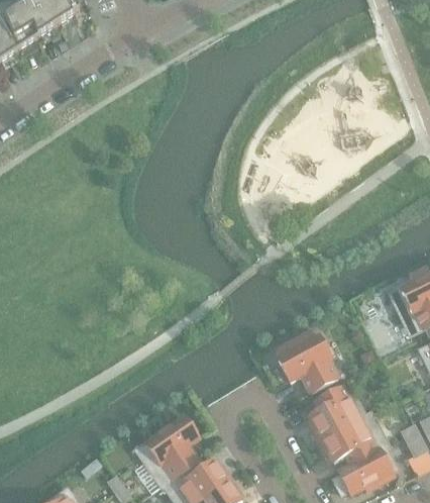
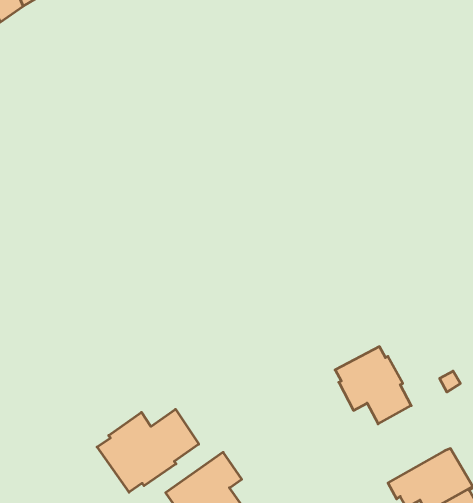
building: none -> [97,409,199,492]
building: [311,387,366,441] -> none

